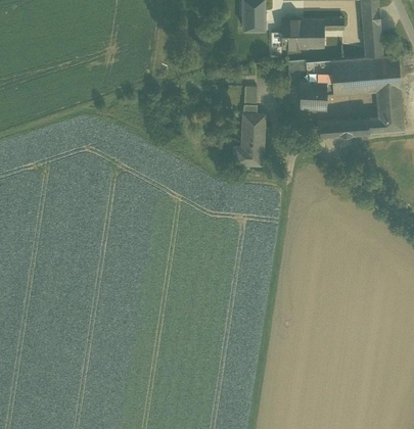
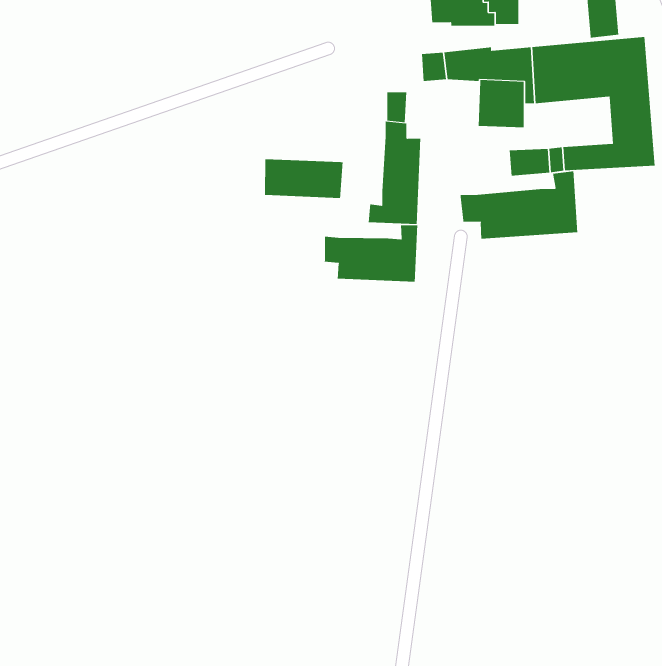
building: none -> [264,158,343,199]
building: none -> [460,170,578,239]
building: none -> [324,224,418,282]

